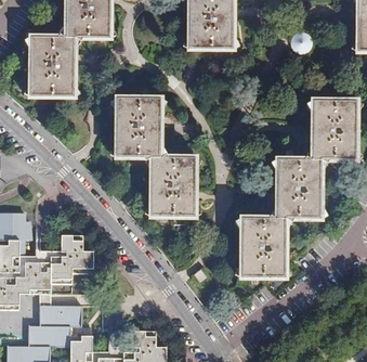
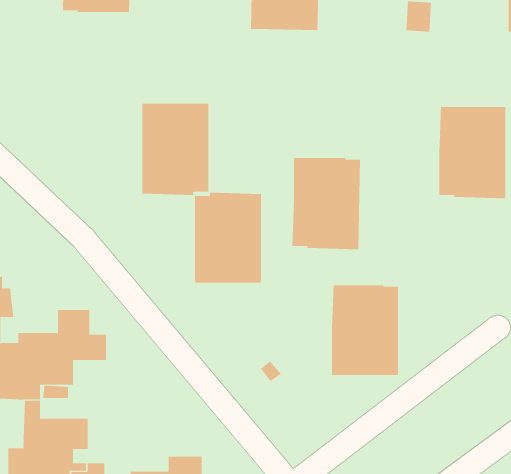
building: [28,37,74,98] -> none
building: [275,159,320,220] -> [292,157,361,250]

